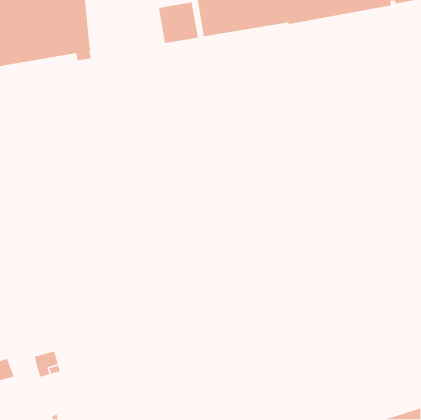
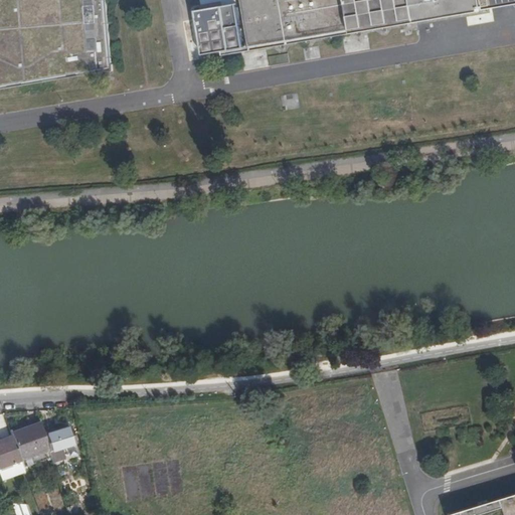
building: none -> [7,419,45,458]

